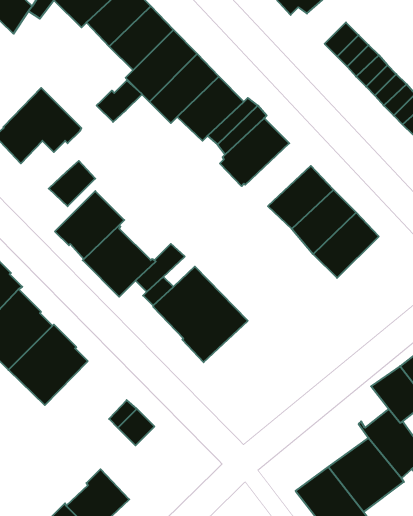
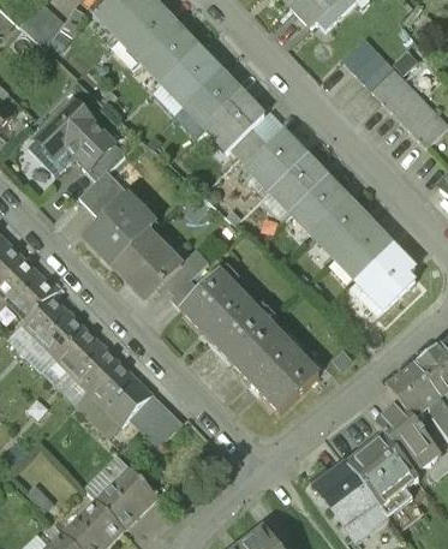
building: [97,80,142,122] -> [82,142,125,181]
building: none -> [263,154,330,219]
building: none -> [350,243,418,316]
building: none -> [228,323,318,411]
building: none -> [77,359,151,437]

